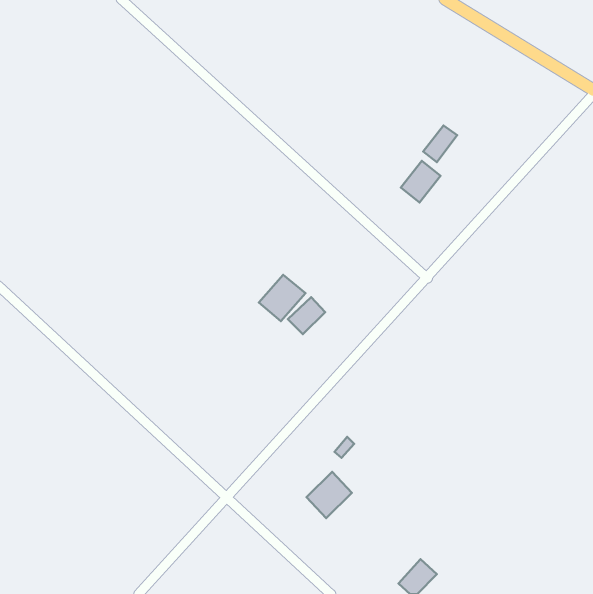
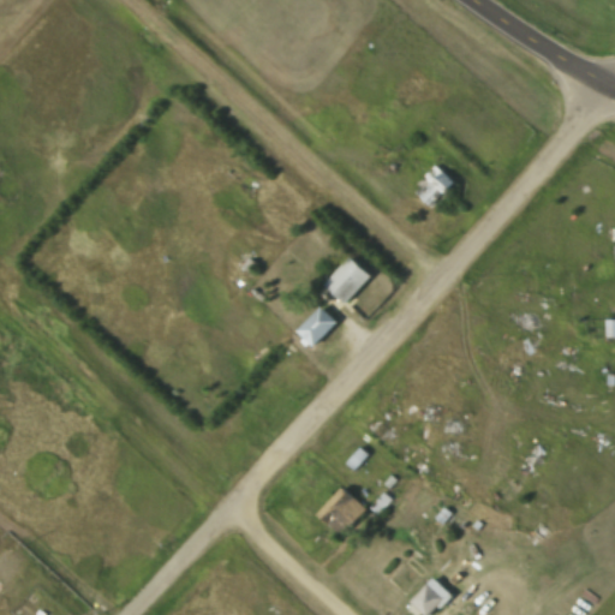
building: [423,125,457,162] -> none
building: [259,275,305,321] -> [324,257,372,305]

